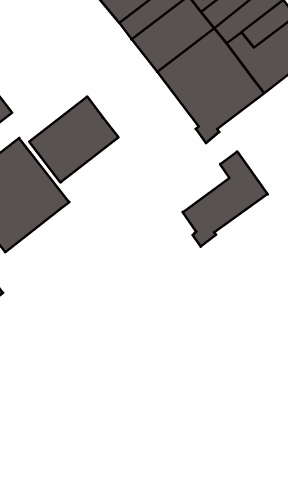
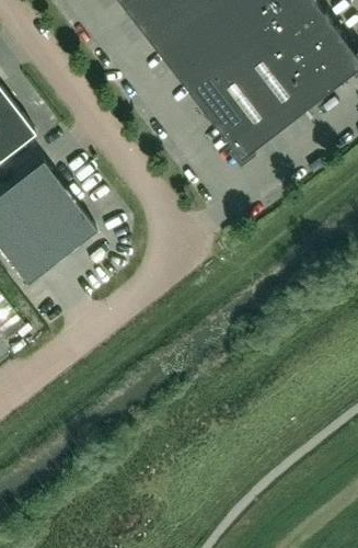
building: [29,97,118,182] -> none
building: [183,152,268,247] -> none

